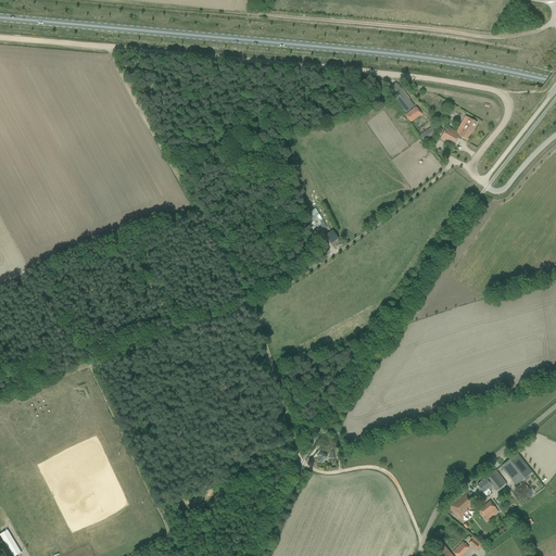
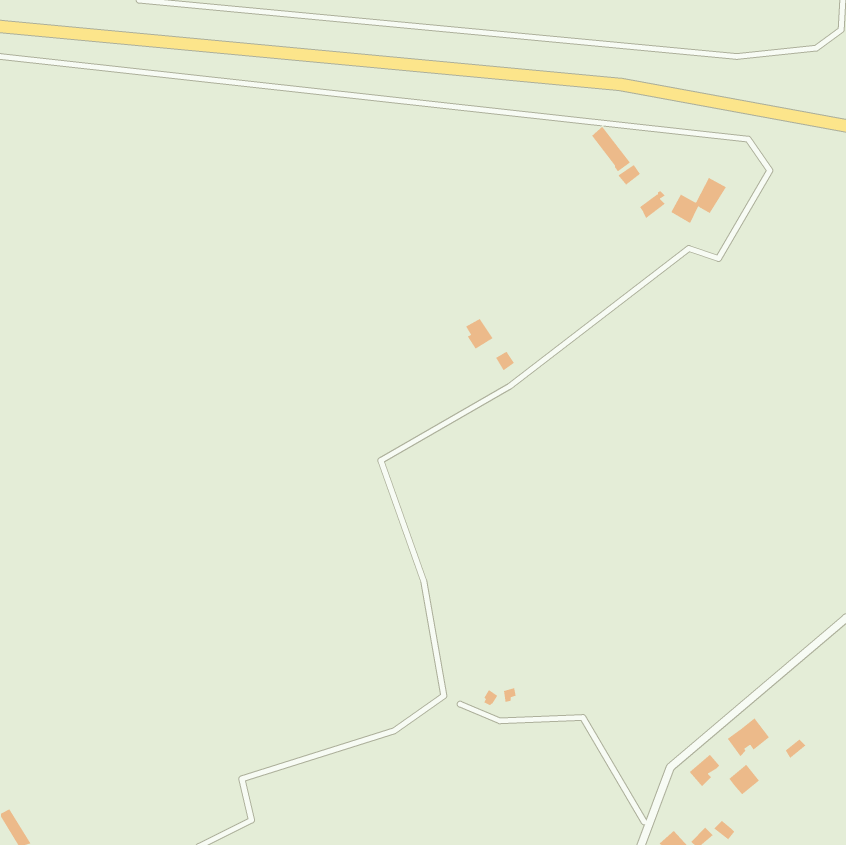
building: [501,454,531,485] -> none

